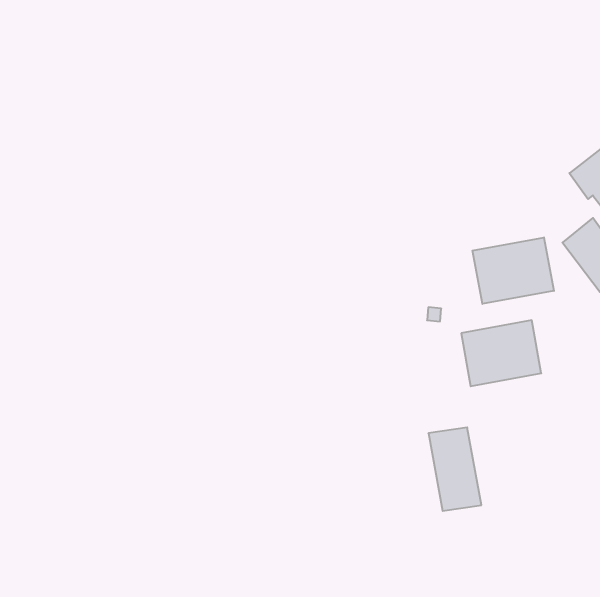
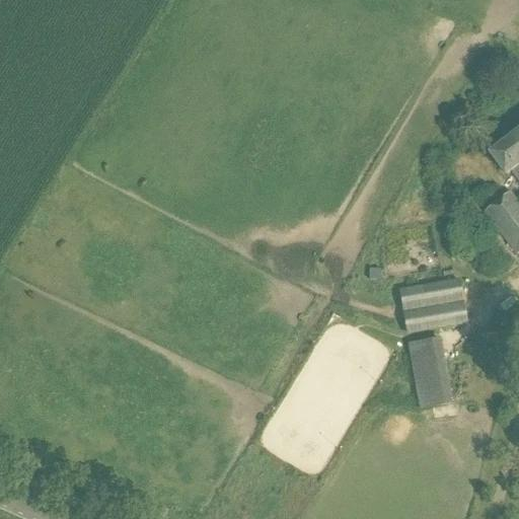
building: [472,237,554,304] -> none
building: [428,427,481,511] -> [407,335,453,406]

